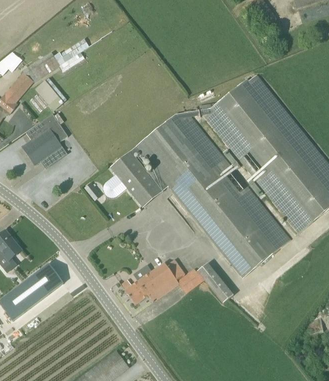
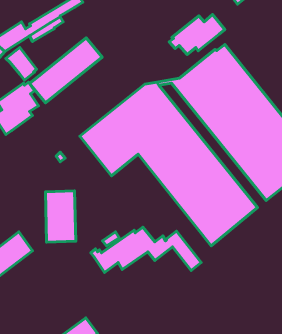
building: none -> [169,15,225,55]
building: none -> [29,38,102,103]
building: none -> [46,191,76,242]

